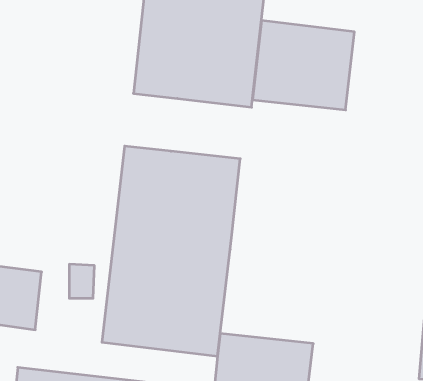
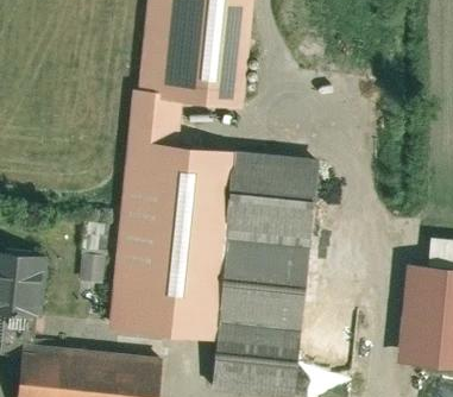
building: [253,21,354,110] -> [226,151,322,235]
building: none -> [125,89,175,144]
building: none -> [215,237,315,327]

